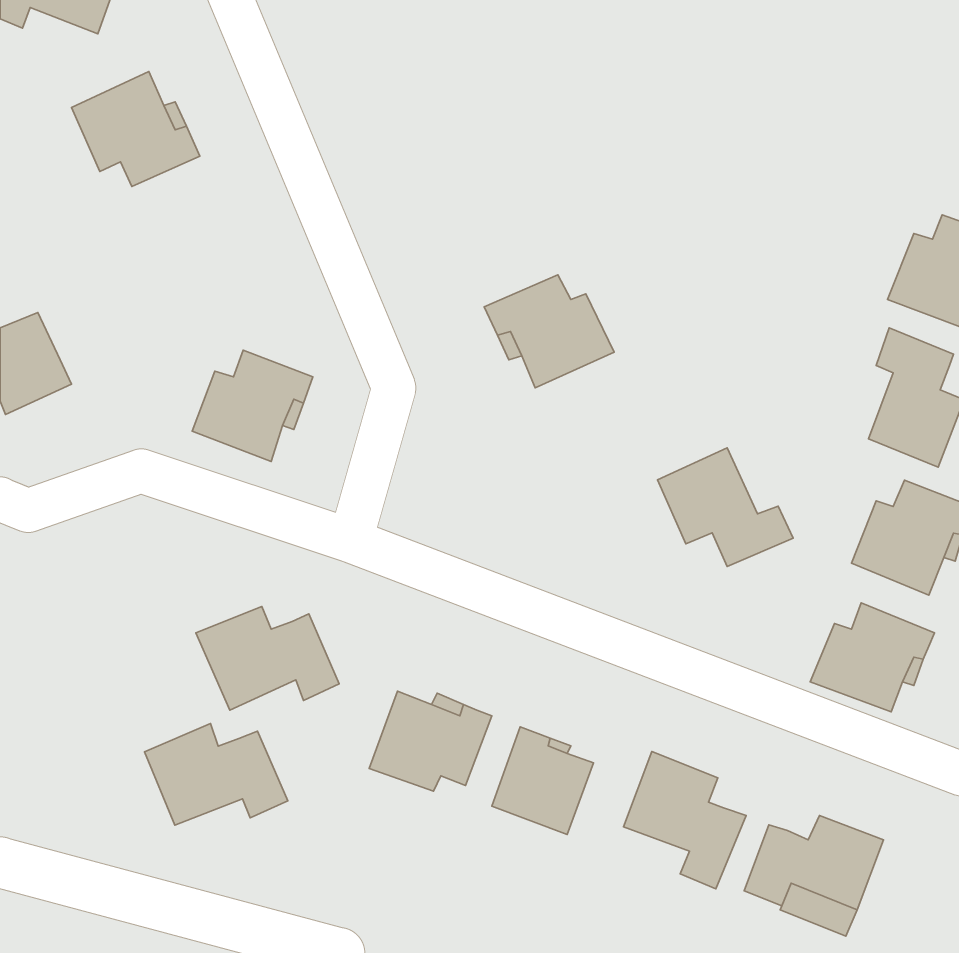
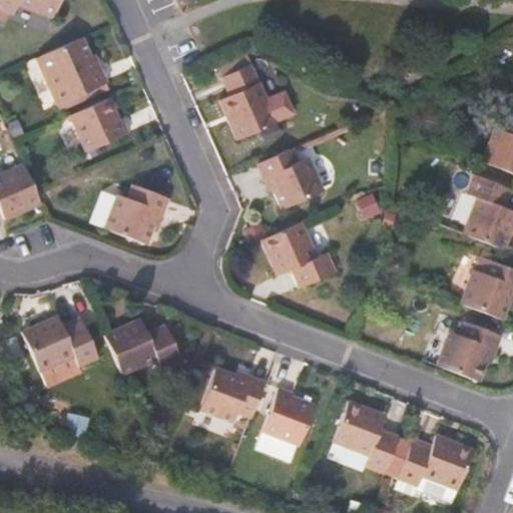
building: none -> [220,66,279,139]
building: none -> [71,100,129,150]
building: [658,448,793,567] -> [264,223,336,287]
building: [145,724,288,825] -> [23,319,99,373]

